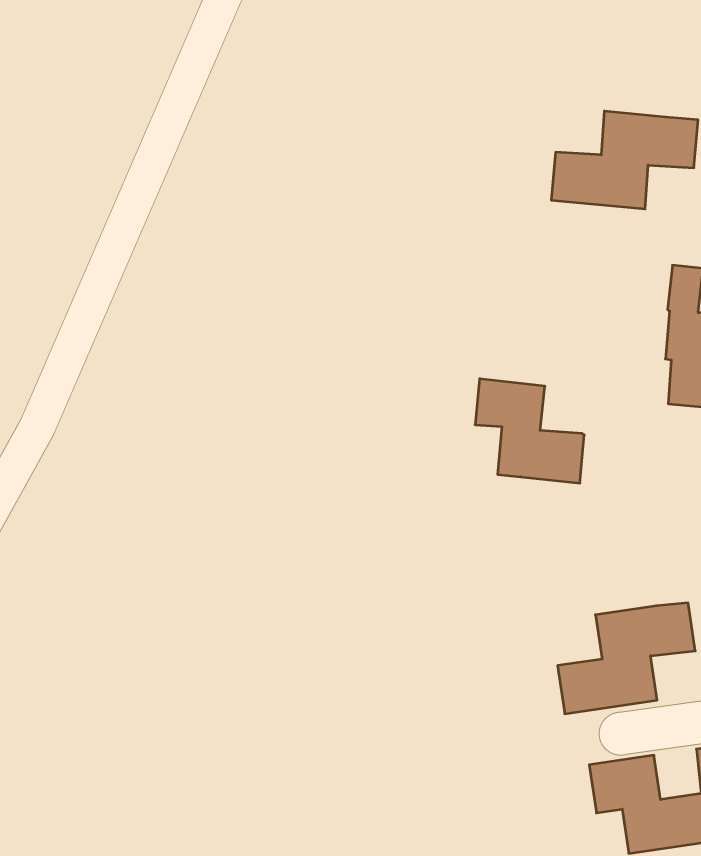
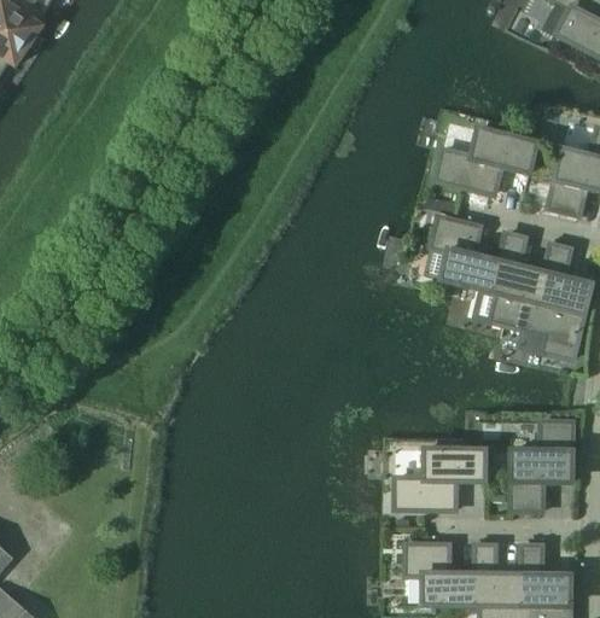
building: [475,379,584,483] -> [432,216,501,292]

